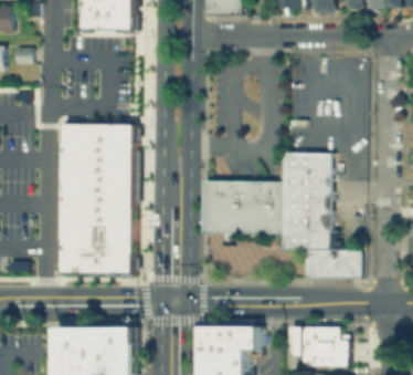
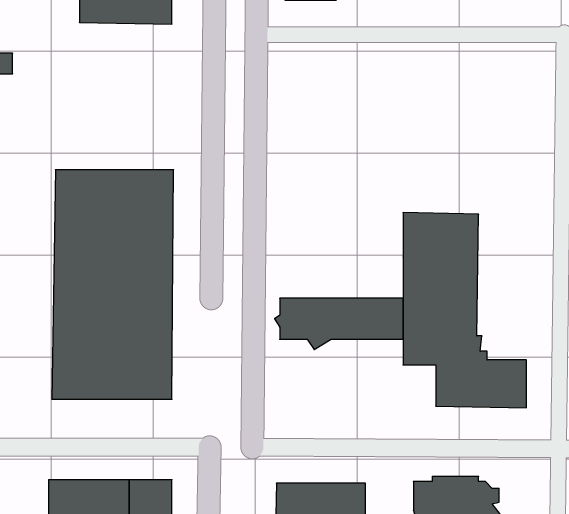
building: [203,181,283,208] -> none

